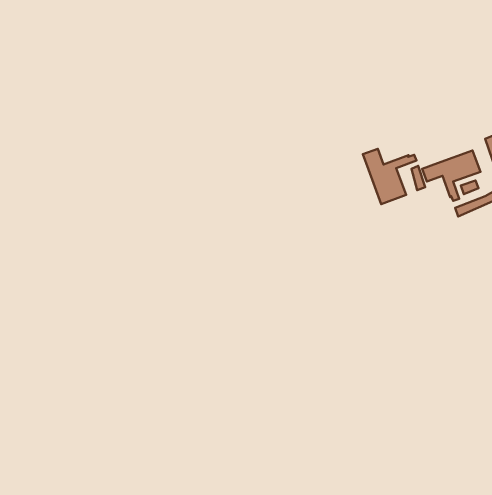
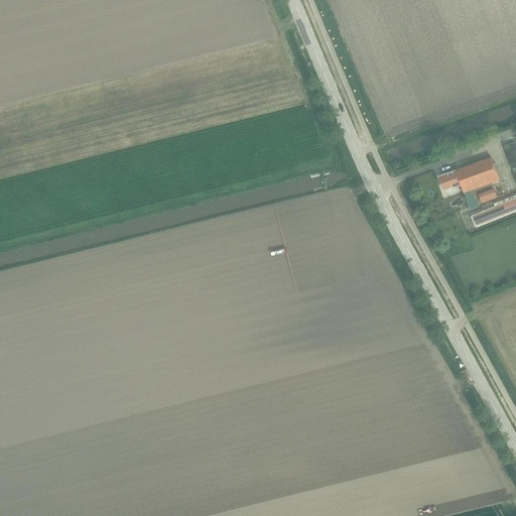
building: [363,149,416,204] -> none

